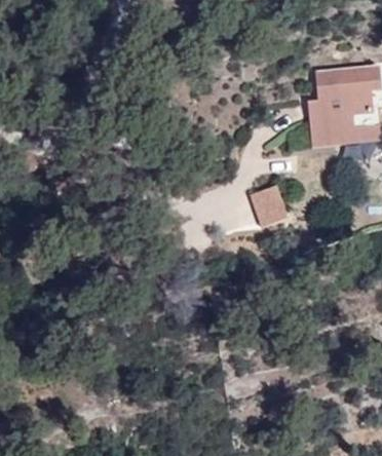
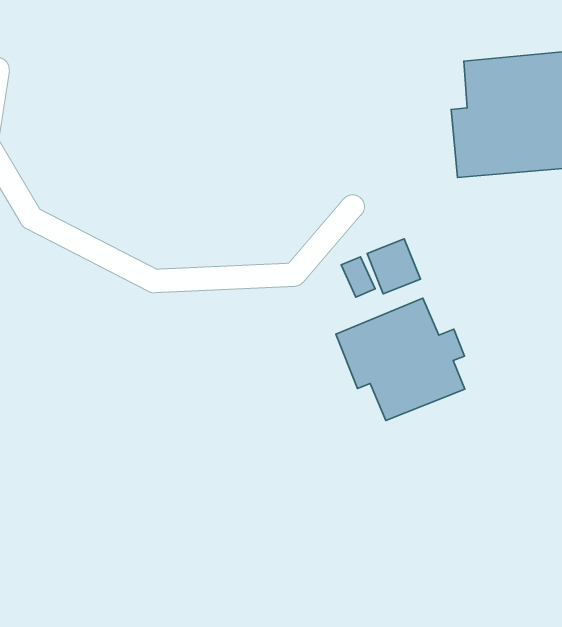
building: none -> [336,298,465,421]

